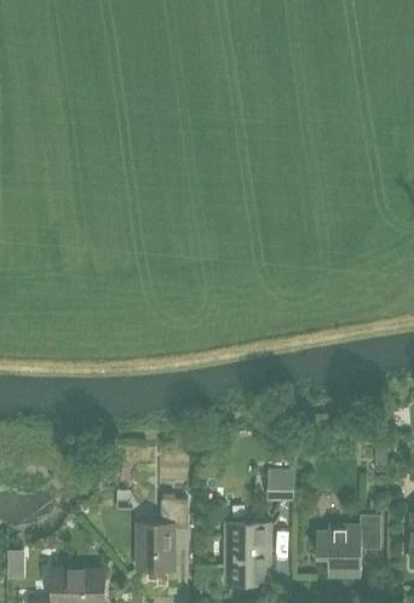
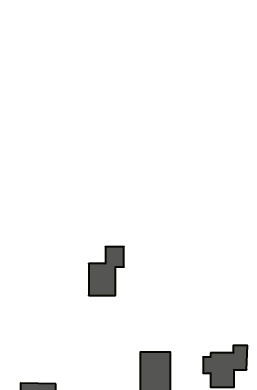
building: [268,471,293,500] -> none
building: [136,499,186,569] -> [89,247,124,295]

